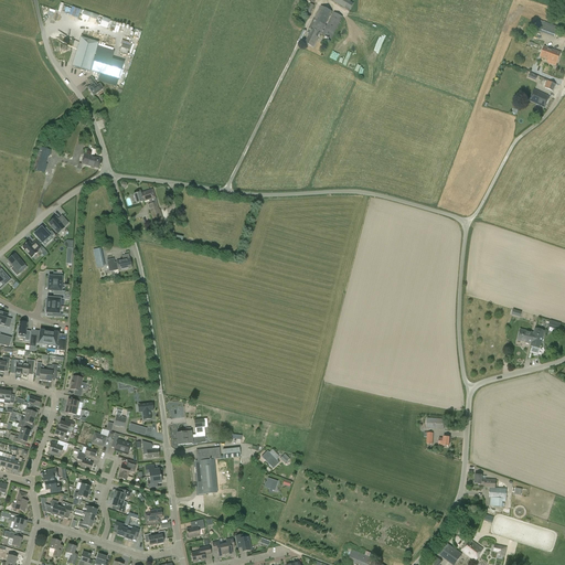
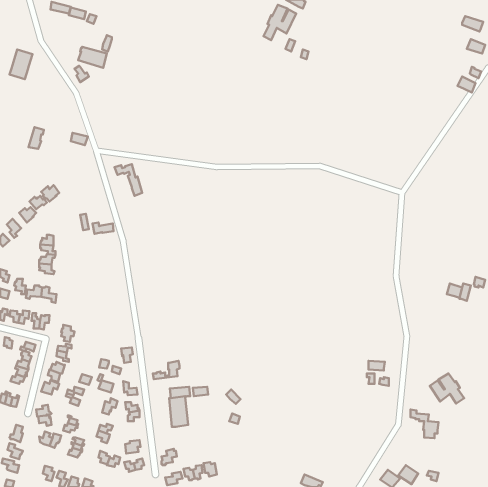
building: [72,36,98,71] -> [10,50,33,79]
building: none -> [430,373,464,404]

